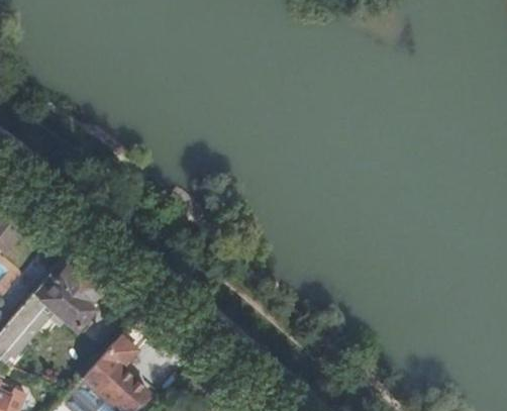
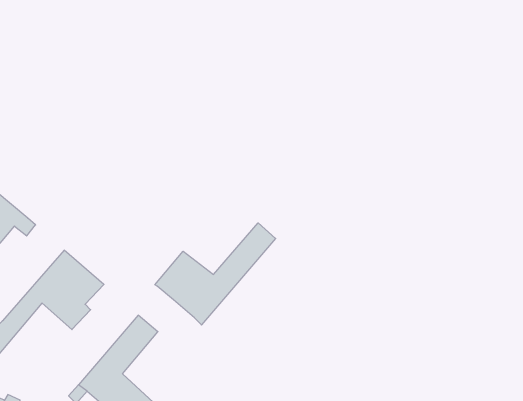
building: none -> [155,223,276,325]

